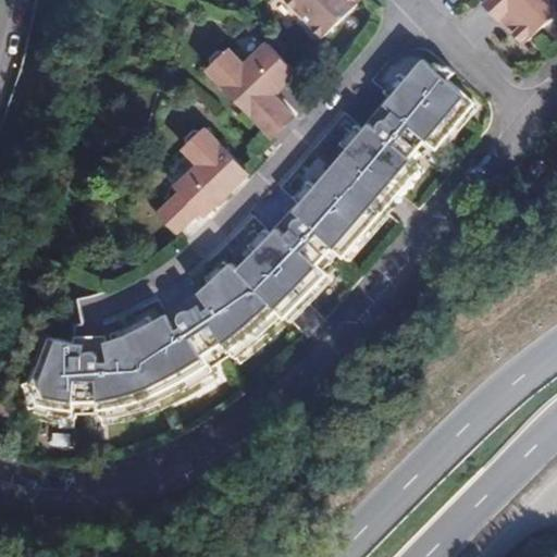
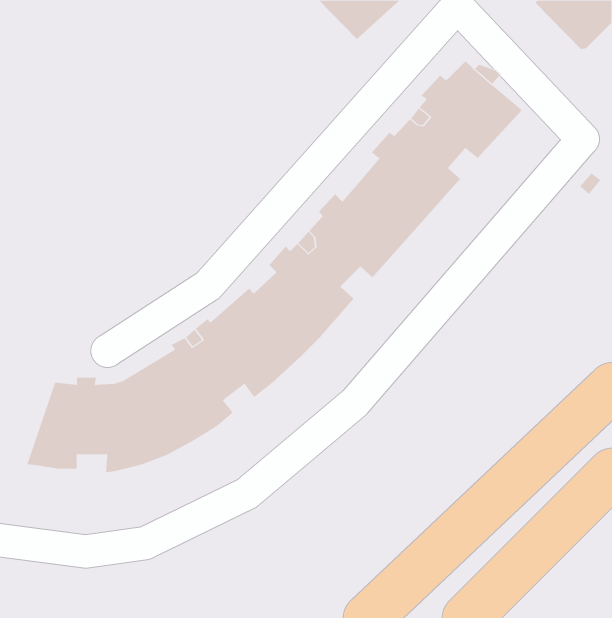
building: [208,41,294,136] -> none
building: [153,124,246,230] -> none

